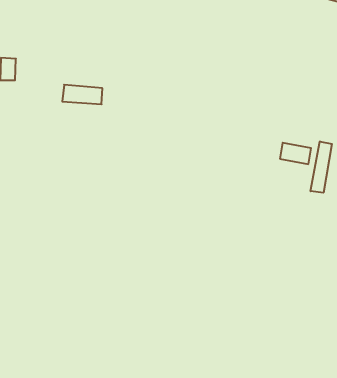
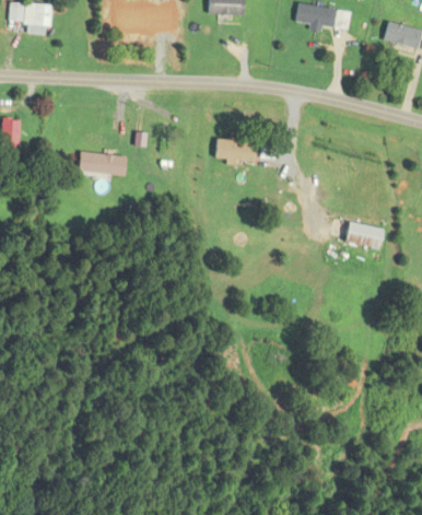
building: none -> [214,138,256,162]
building: [311,141,332,193] -> none

